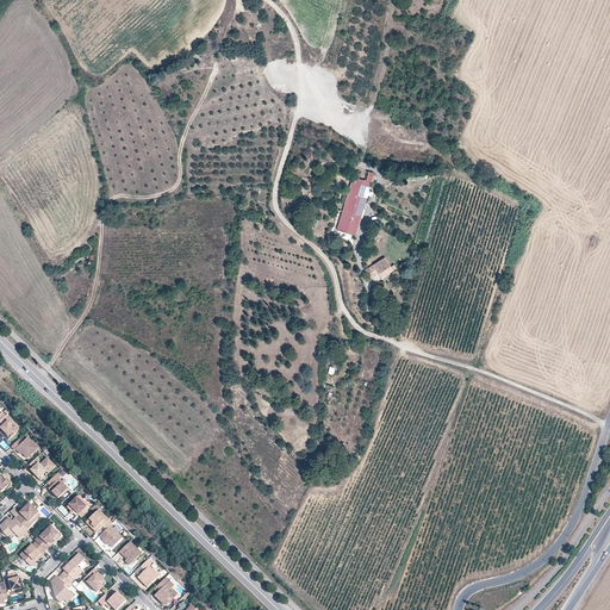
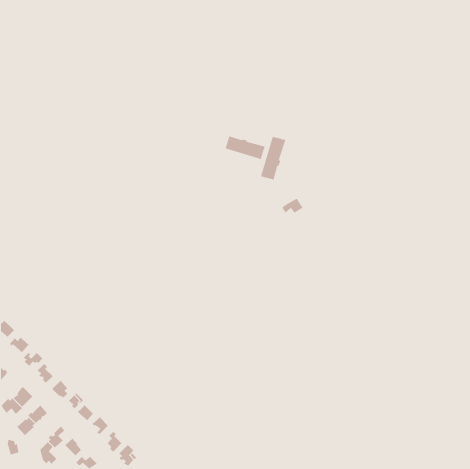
building: none -> [225,136,265,160]

